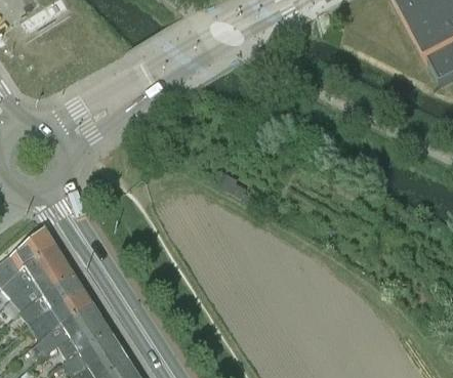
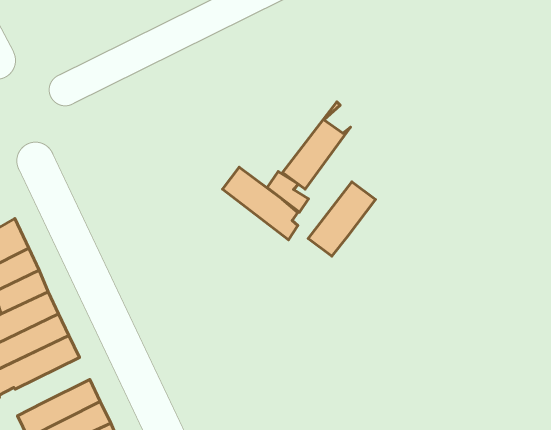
building: none -> [283,102,350,189]
building: none -> [222,167,298,240]
building: none -> [308,182,375,256]
building: [57,319,109,360] -> none

